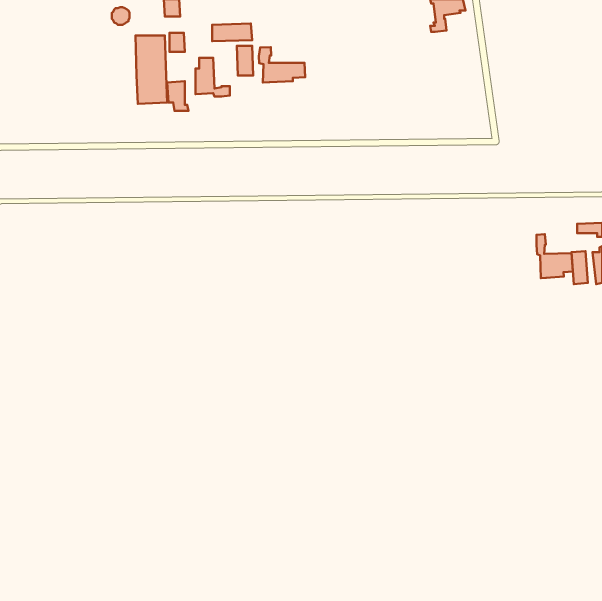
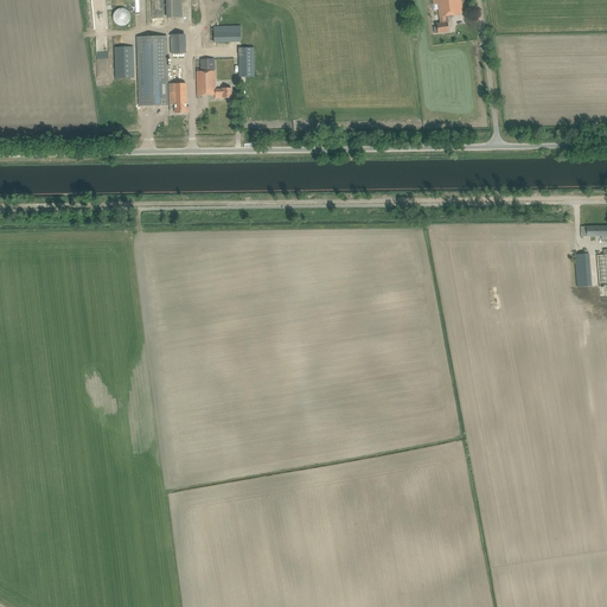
building: none -> [114,46,134,77]
building: [259,47,305,83] -> none
building: [536,234,573,278] -> none

